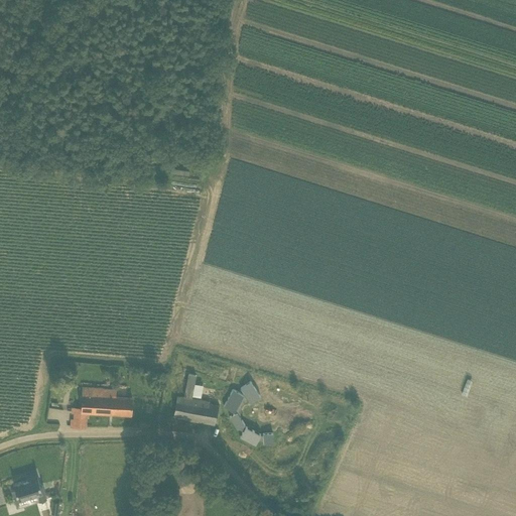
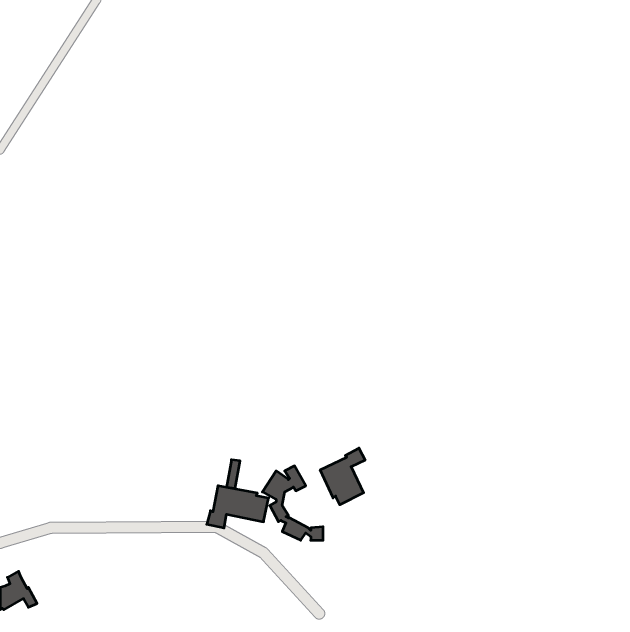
building: none -> [320,448,365,505]
building: [73,389,134,428] -> none

